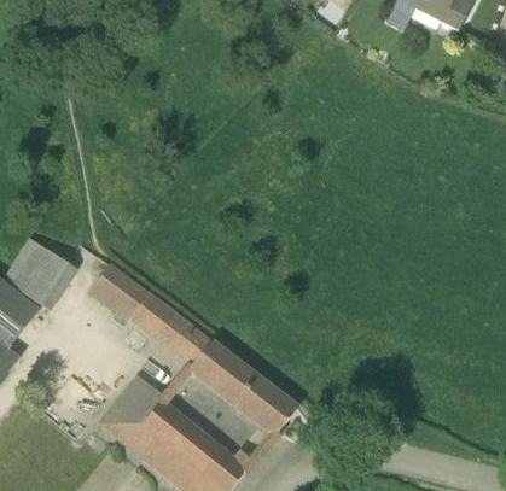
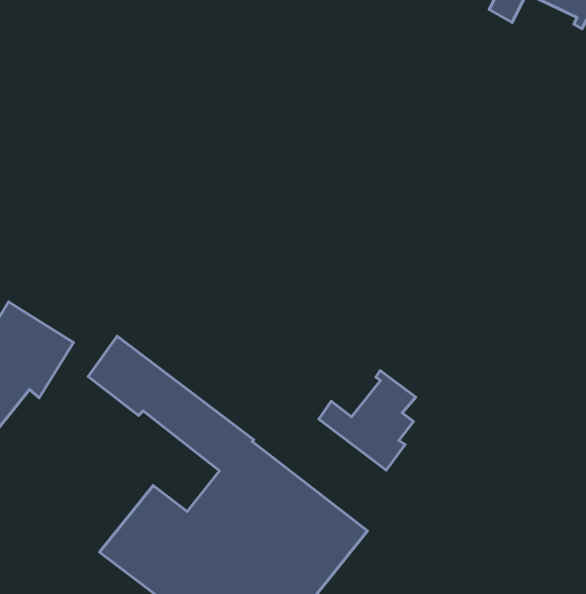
building: none -> [319,371,416,470]

